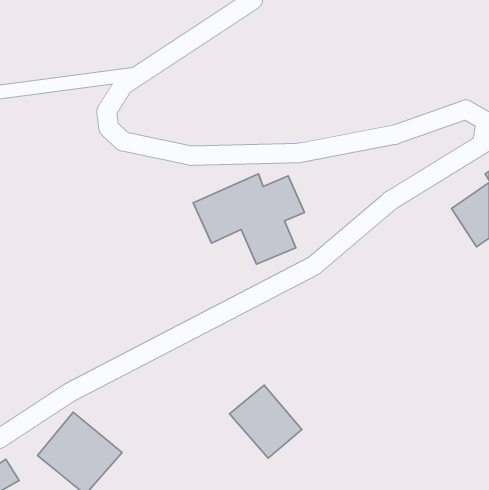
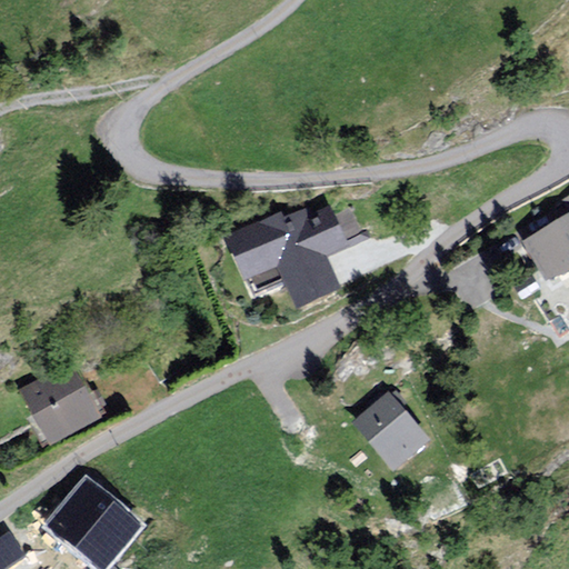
building: none -> [16,366,100,447]
building: [230,385,302,458] -> [353,389,437,473]

